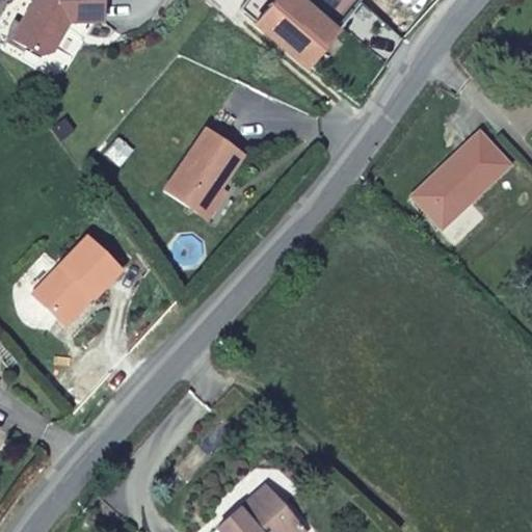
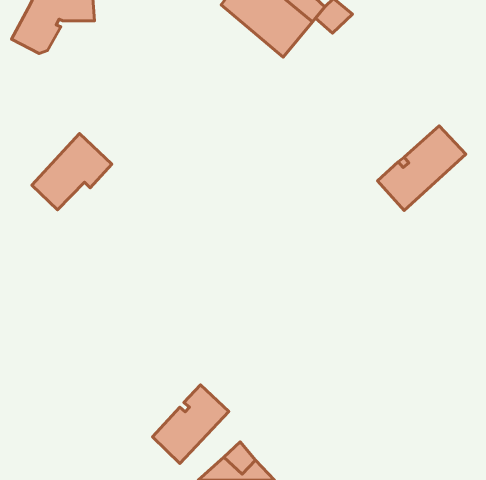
building: [164,124,244,207] -> none
building: [35,235,123,318] -> [32,134,112,210]
building: none -> [152,385,229,463]

